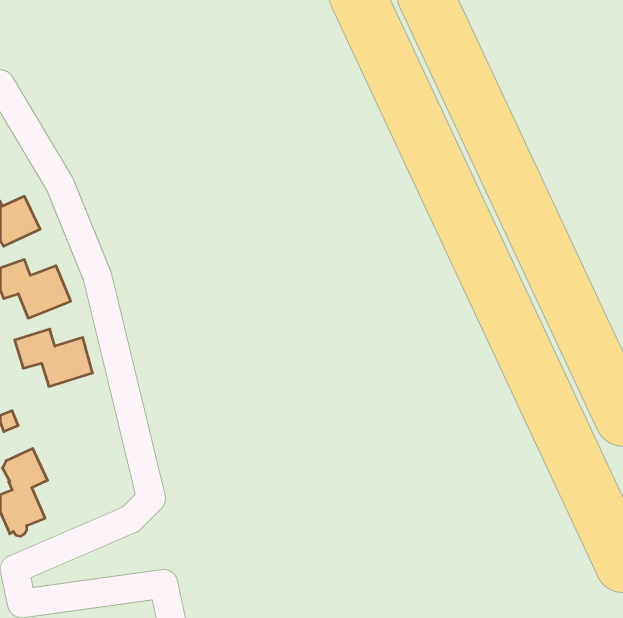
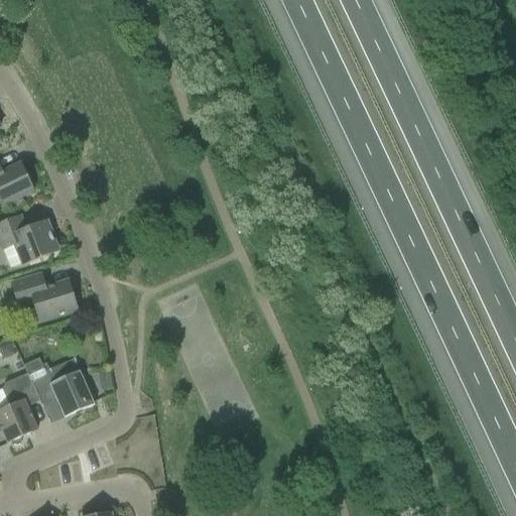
building: none -> [24,356,95,412]

